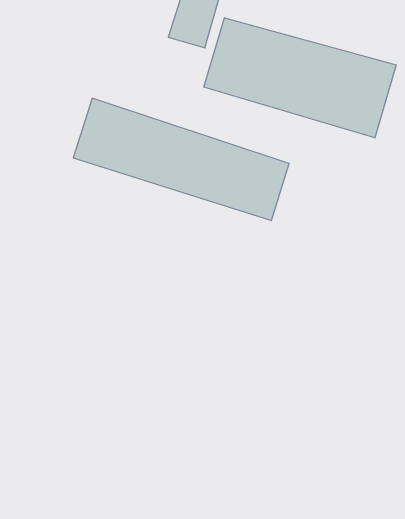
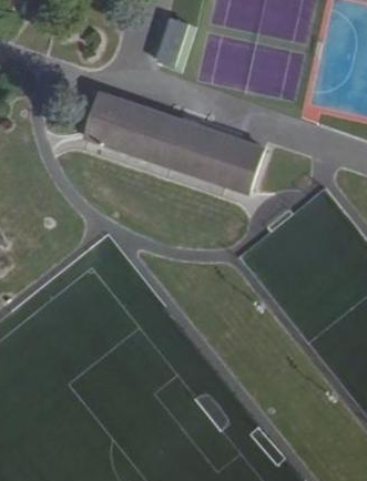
building: [204,18,396,138] -> none

